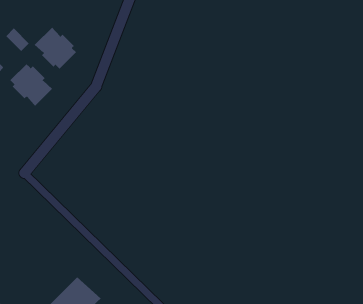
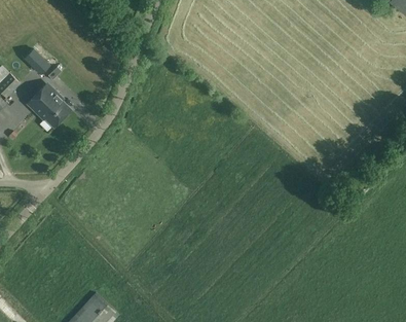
building: [34,27,77,69] -> none

